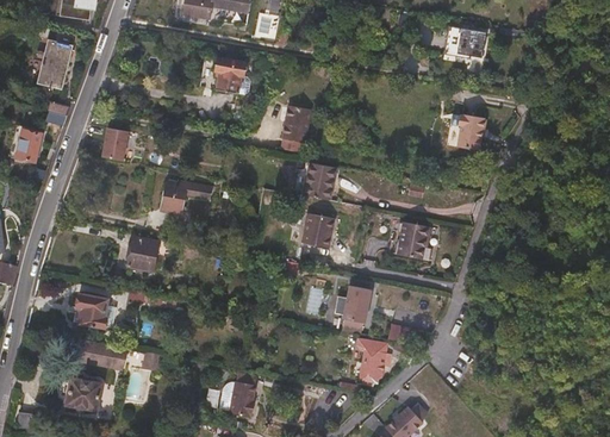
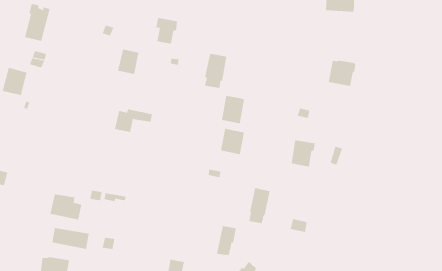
building: [99,121,129,156] -> [117,49,139,74]
building: [126,238,167,274] -> none
building: [359,343,386,383] -> [216,225,236,255]

